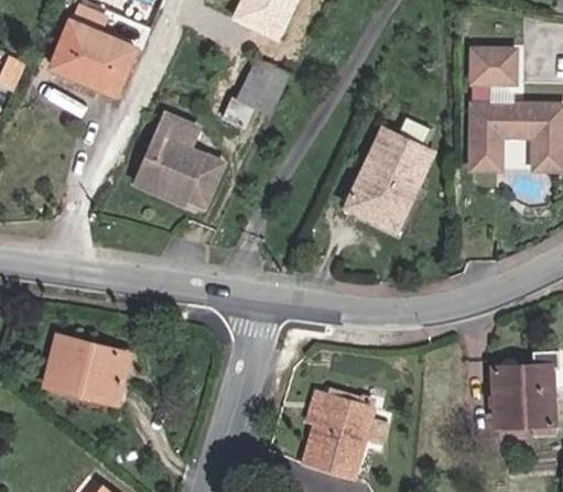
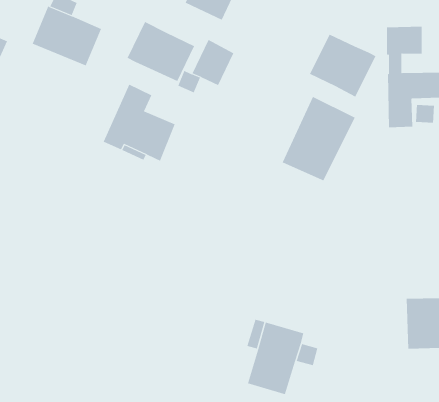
building: none -> [127,21,195,82]
building: none -> [309,34,376,97]
building: [45,336,129,403] -> none

